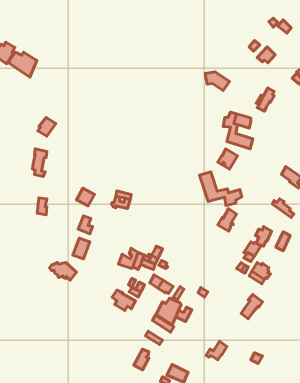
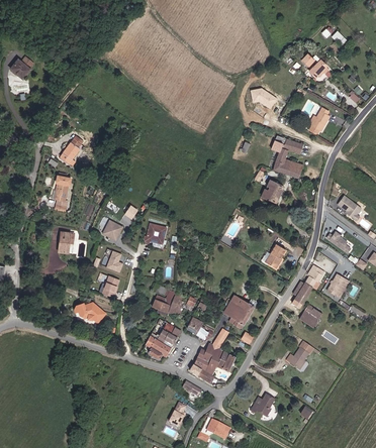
building: [9,52,37,77] -> none
building: [199,172,242,205] -> none
building: none -> [223,294,254,327]

